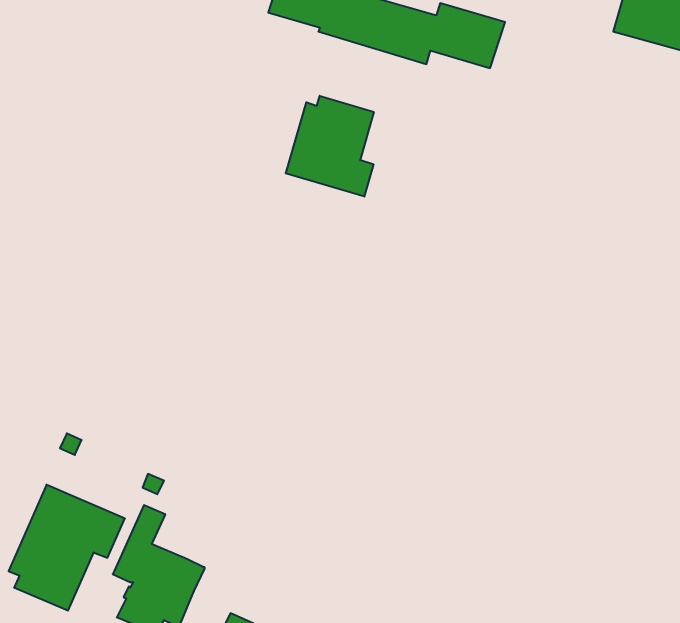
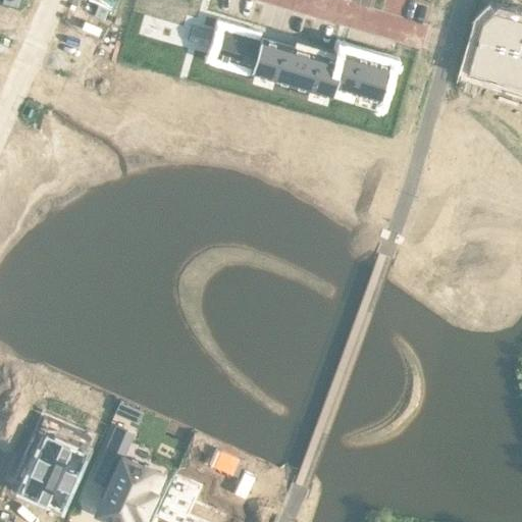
building: [286,96,374,197] -> none

